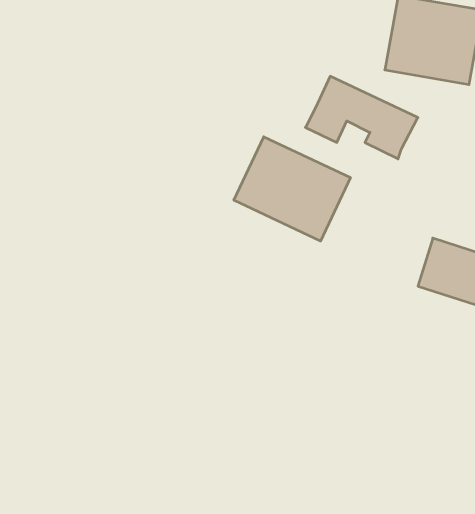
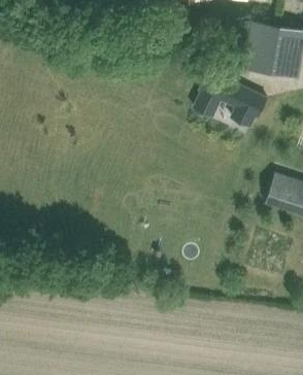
building: [234,137,350,241] -> none

